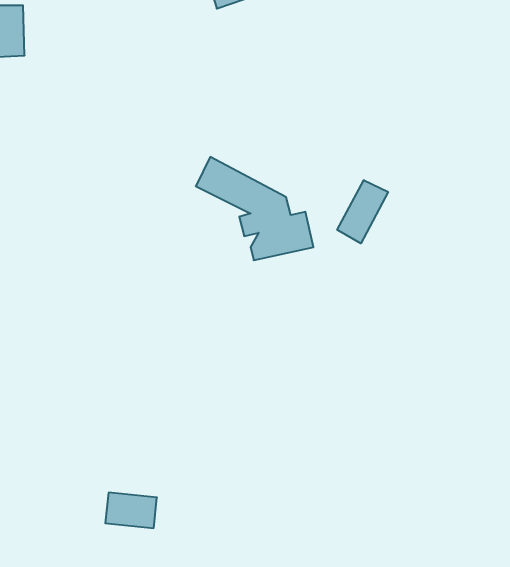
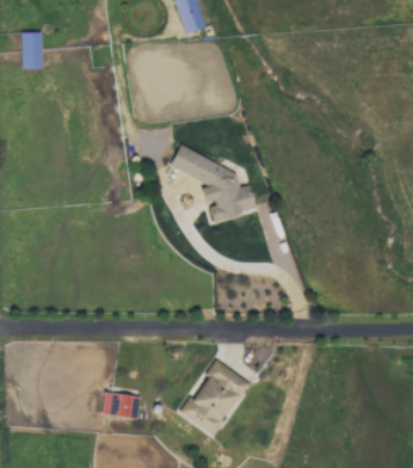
building: [337,180,388,243] -> none
building: none -> [179,359,248,436]

